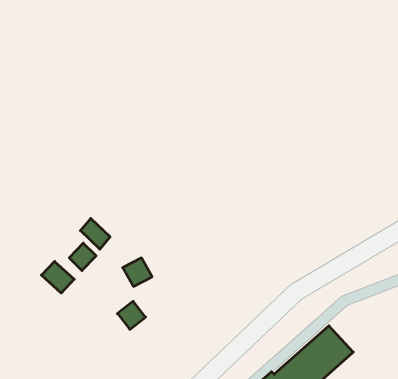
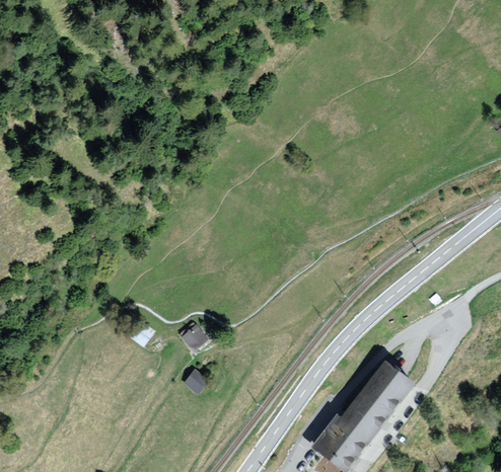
building: [80,218,110,249] -> none
building: [41,261,74,293] -> none

